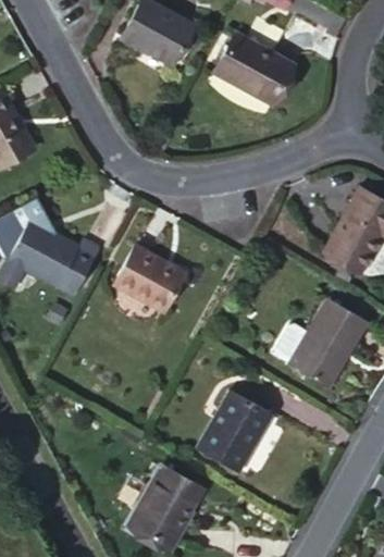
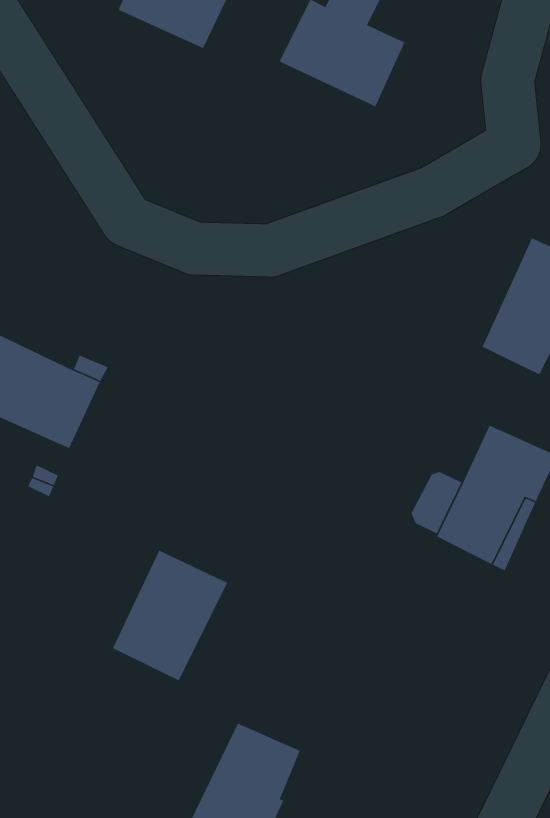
building: [115,248,185,312] -> none
building: [199,392,272,472] -> [112,549,228,682]

